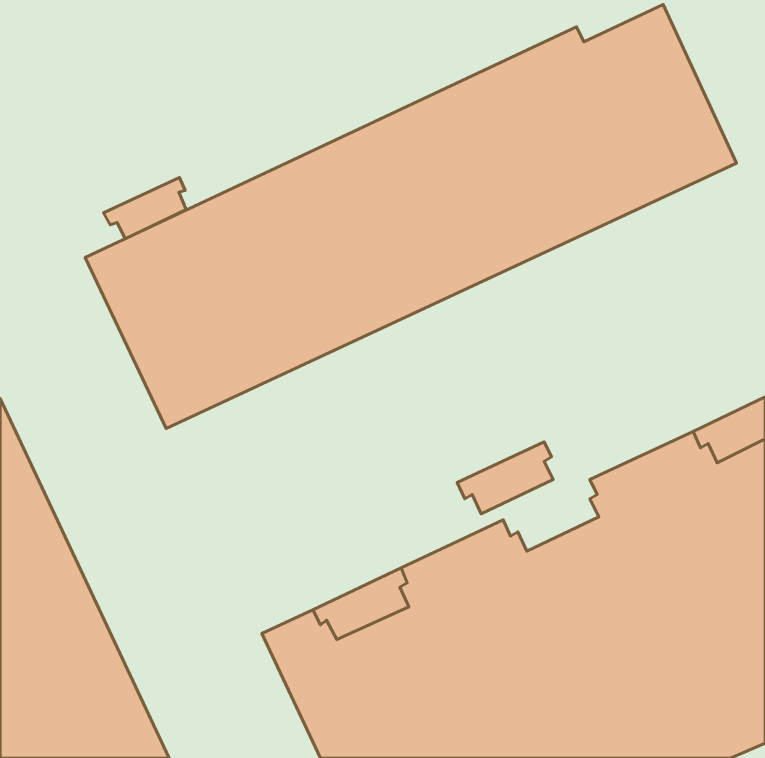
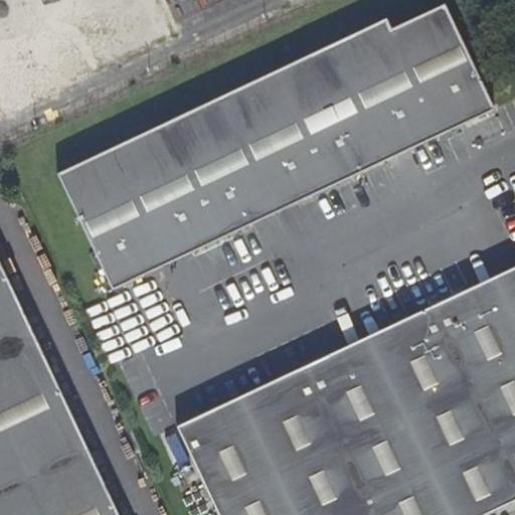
building: [104,177,186,239] -> none
building: [457,442,553,514] -> [338,322,402,370]

